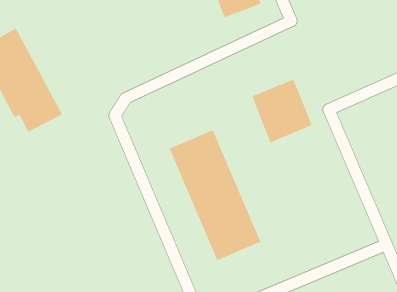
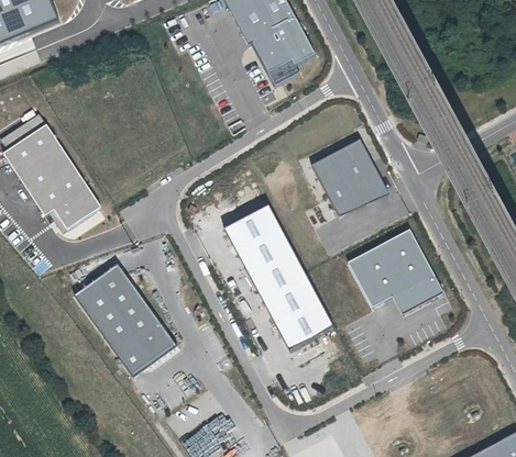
building: none -> [350,230,444,317]
building: none -> [76,266,173,372]

